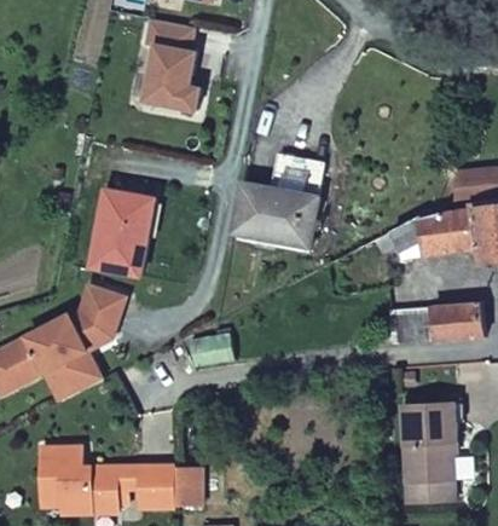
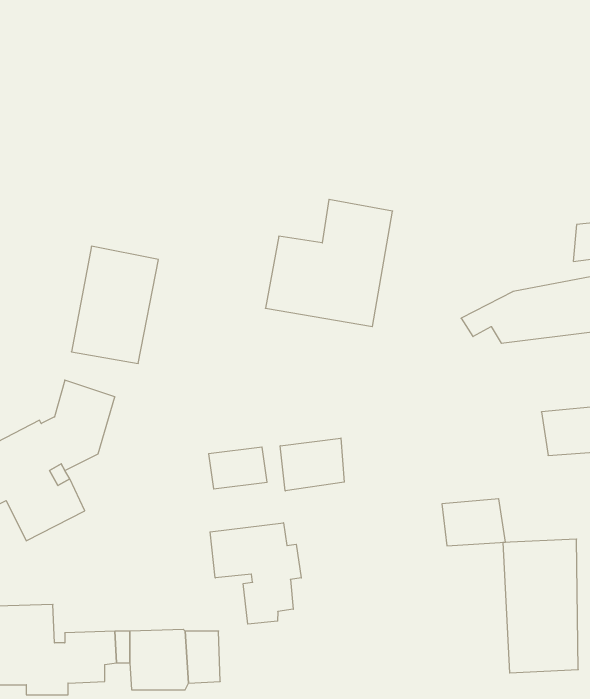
building: [144,18,199,110] -> none
building: [390,310,436,343] -> [442,499,505,546]
building: none -> [280,438,344,491]
building: none -> [210,523,301,624]

